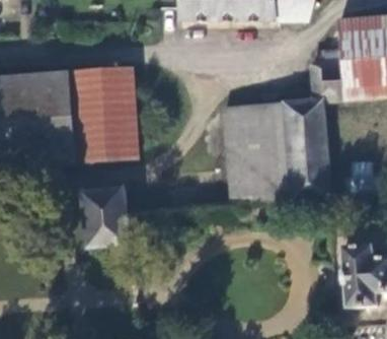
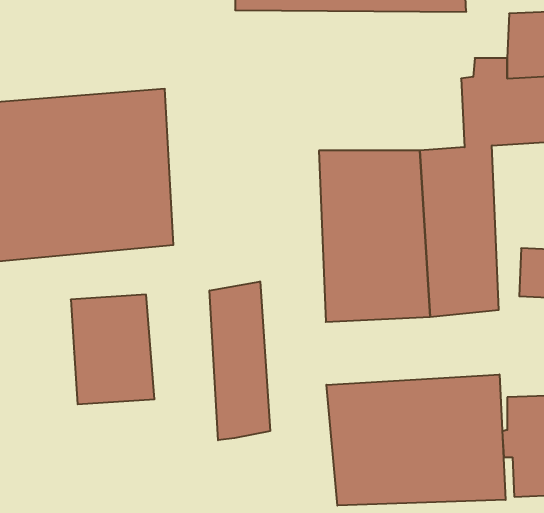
building: none -> [210,281,270,440]
building: none -> [326,374,506,506]

